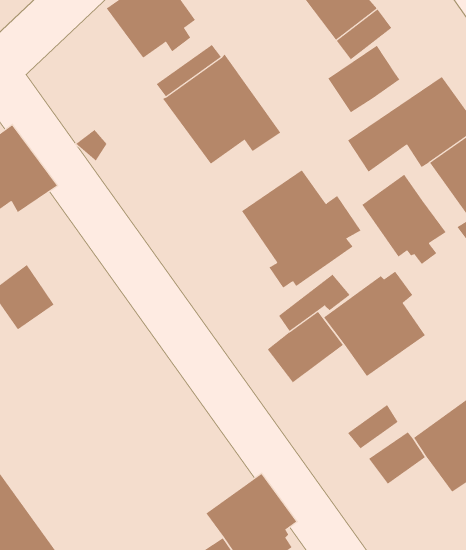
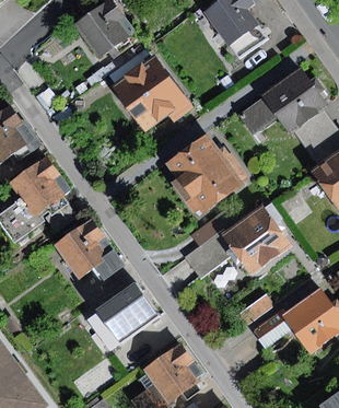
building: [328,45,400,113] -> none
building: [362,174,447,265] -> none
building: none -> [9,156,70,215]
building: none -> [54,218,125,281]
building: none -> [95,283,157,342]

